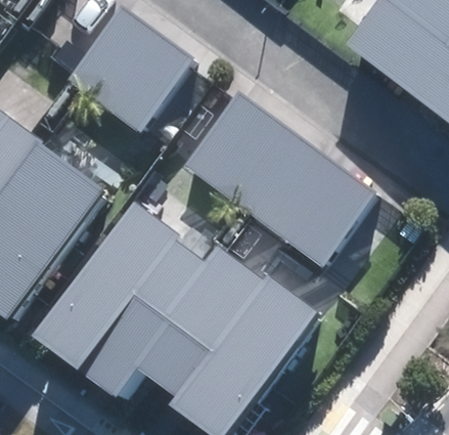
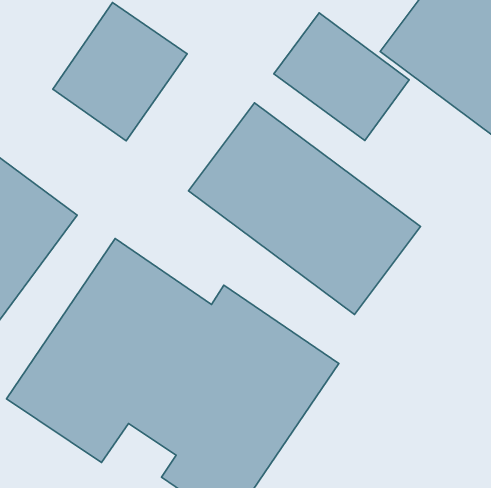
building: none -> [274,13,409,141]

